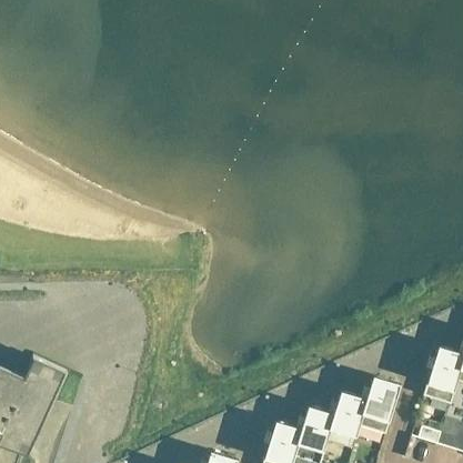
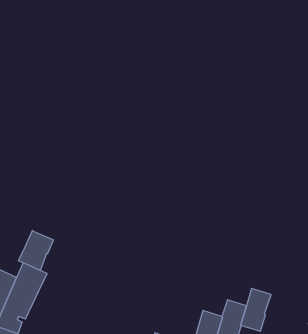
building: none -> [19,230,54,270]
building: [359,376,401,434] -> none

